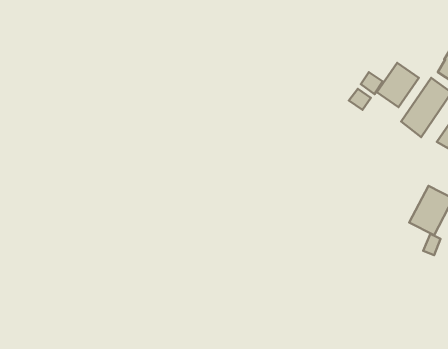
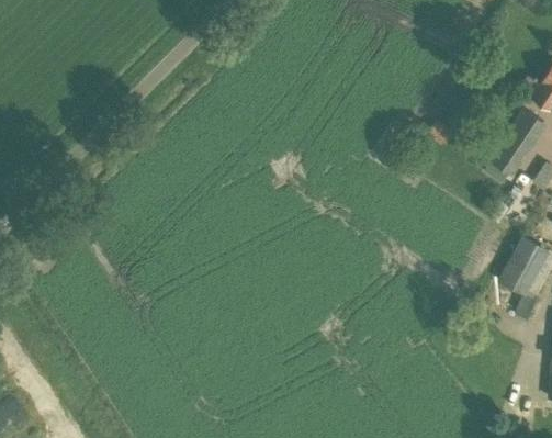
building: [377,63,419,107] -> none

